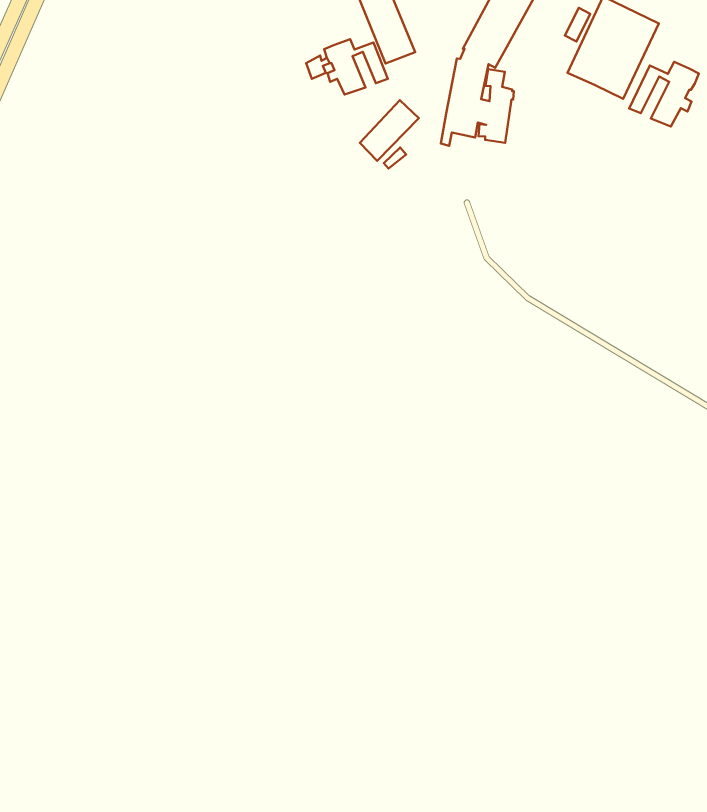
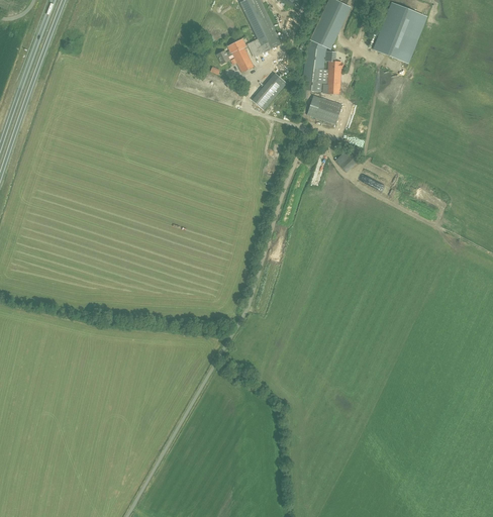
building: [629,62,699,127] -> none
building: none -> [307,95,342,123]

